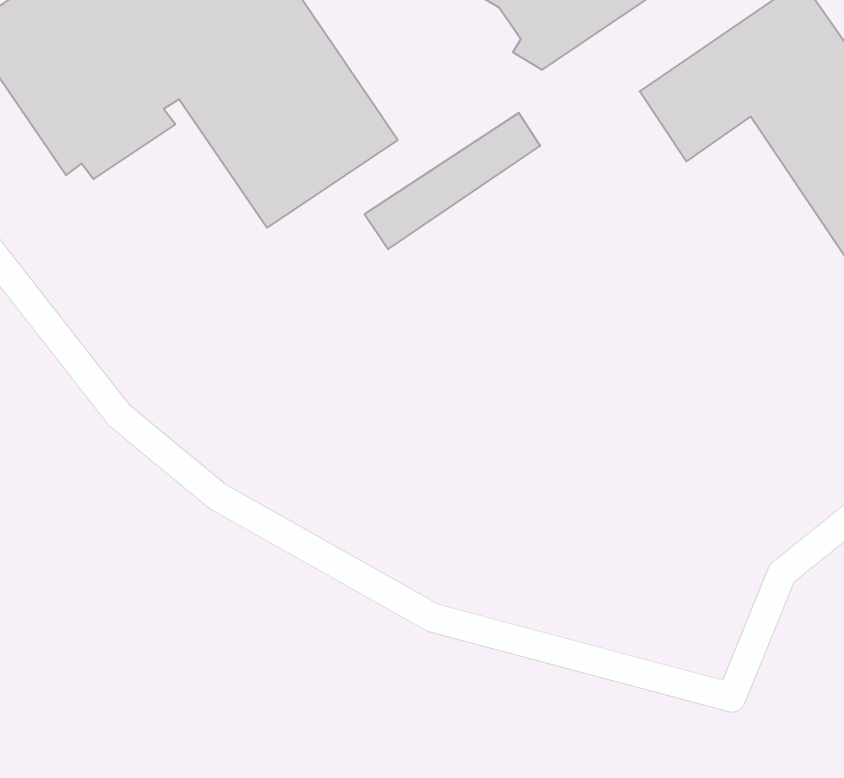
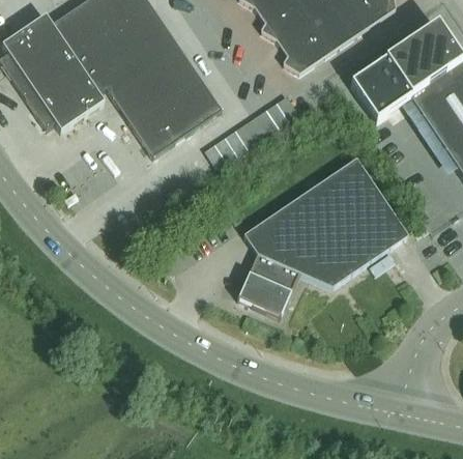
building: none -> [237,156,409,316]

